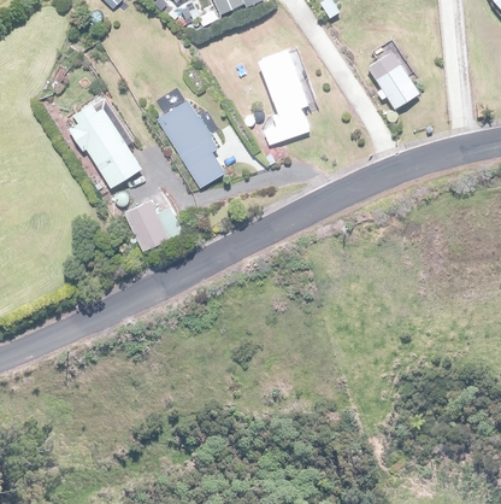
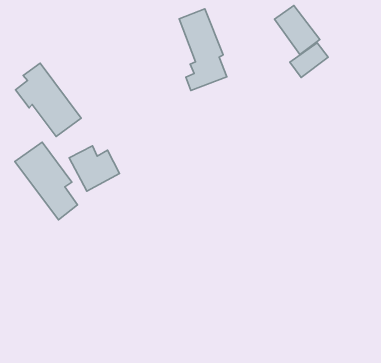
building: none -> [290,43,328,78]
building: [155,98,224,188] -> [15,142,77,220]

